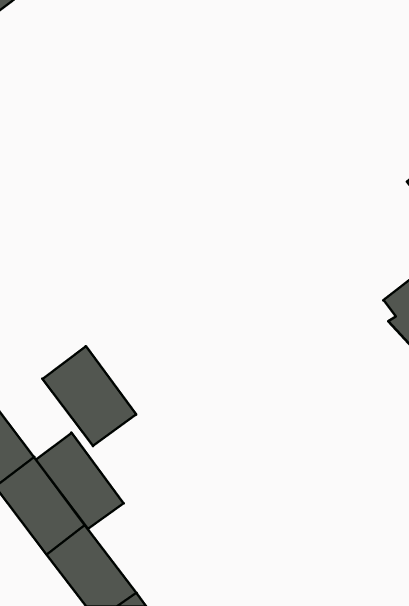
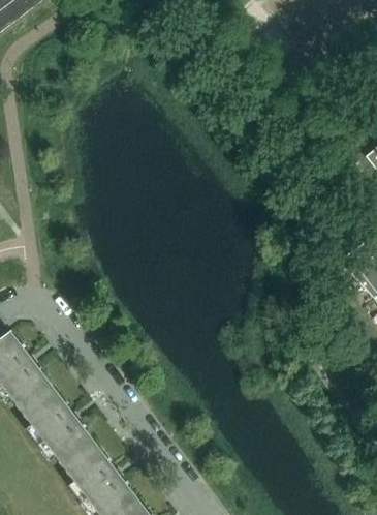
building: [42,346,136,446] -> none
building: [36,433,124,529] -> none

